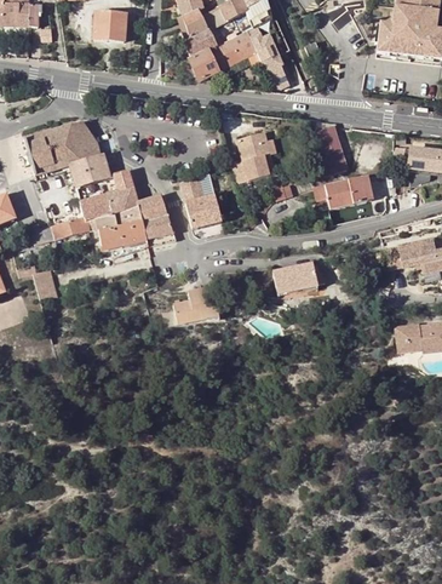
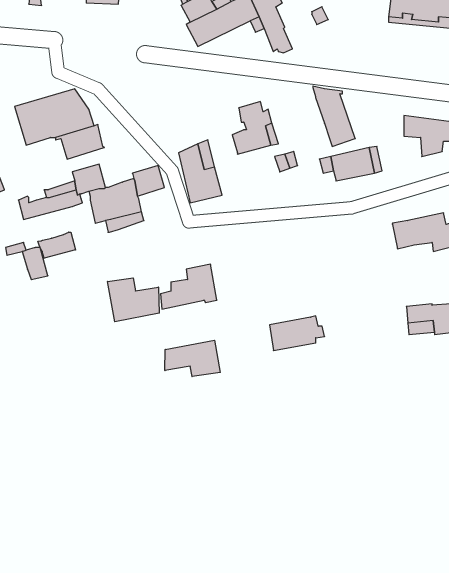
building: [105,170,138,213] -> none
building: [142,213,174,245] -> none
building: none -> [38,232,76,258]
building: [272,263,325,296] -> [270,316,325,351]
building: none -> [108,278,159,322]
building: none -> [165,340,220,377]

